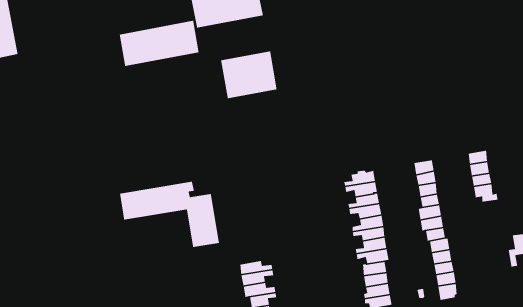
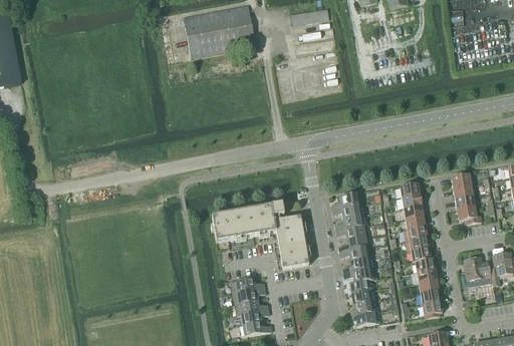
building: [119,20,200,67] -> none
building: [220,51,278,99] -> none
building: [119,181,220,248] -> [213,204,309,268]
building: none -> [464,257,491,285]

